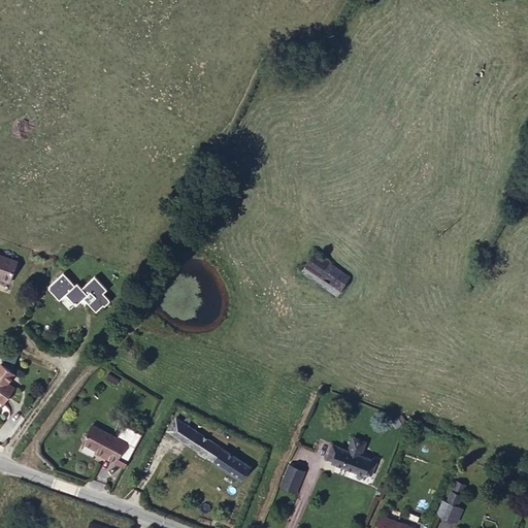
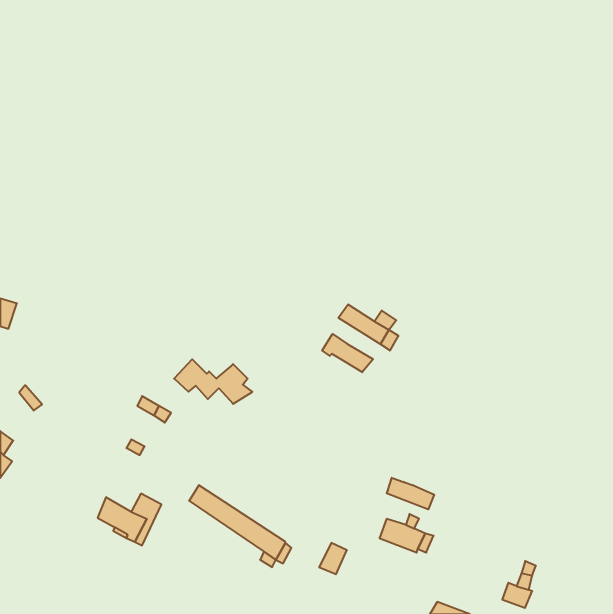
building: [47,270,114,308] -> [174,359,252,404]
building: none -> [322,334,373,372]
building: none -> [387,478,434,509]

